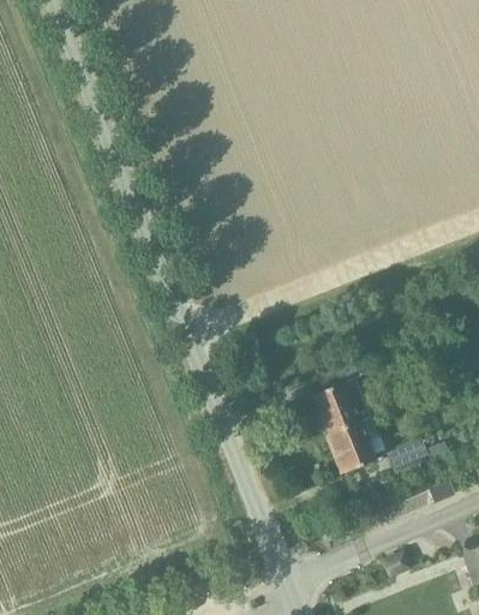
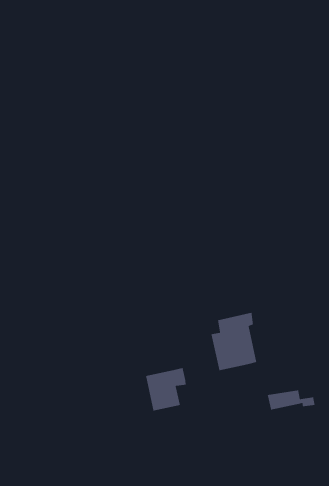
building: [331,422,379,477] -> [145,367,187,412]

